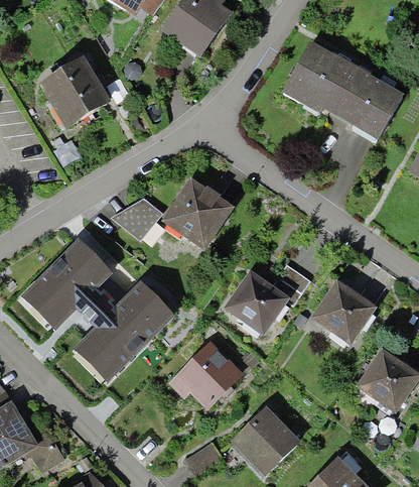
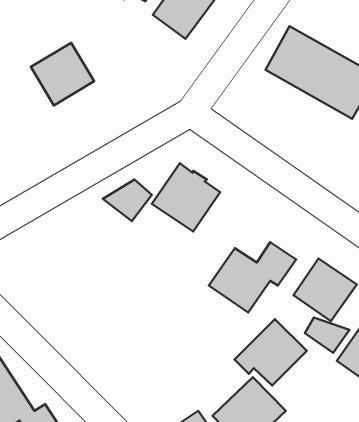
building: [13,236,179,391] -> none
building: [169,342,245,411] -> [235,319,307,386]
building: none -> [305,317,350,353]

